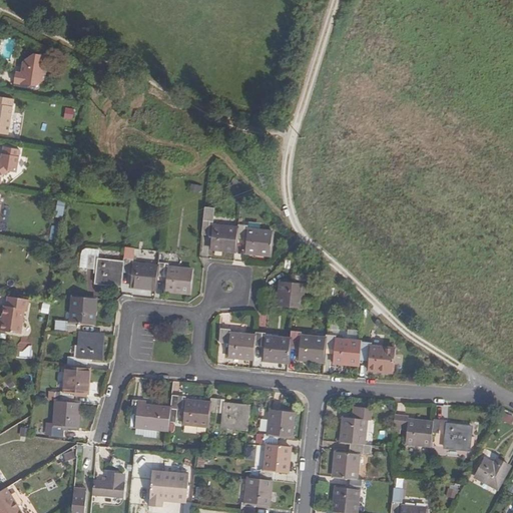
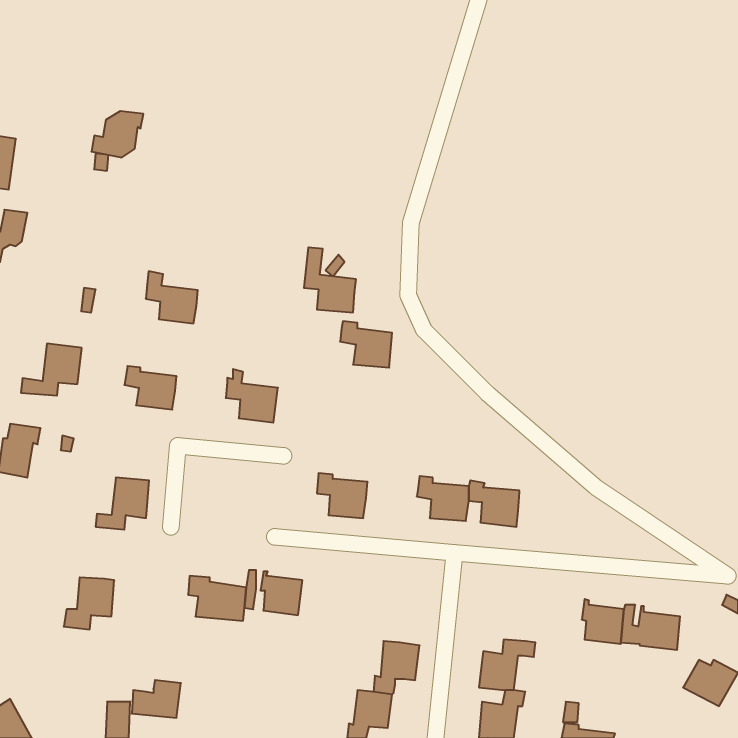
building: [11,52,47,84] -> [91,111,143,157]
building: [200,205,236,250] -> [304,247,356,312]
building: [121,251,157,288] -> [146,271,198,323]
building: [277,273,308,310] -> none
building: [54,295,96,331] -> [21,344,82,396]
building: [253,332,290,363] -> none
building: [359,341,395,372] -> none
building: [54,365,89,401] -> none
building: [220,399,249,429] -> none
building: [262,409,295,445] -> none
building: [340,409,370,444] -> none
building: [148,468,187,505] -> none

